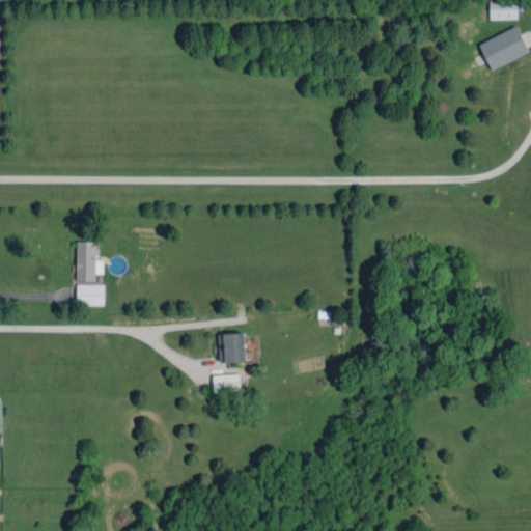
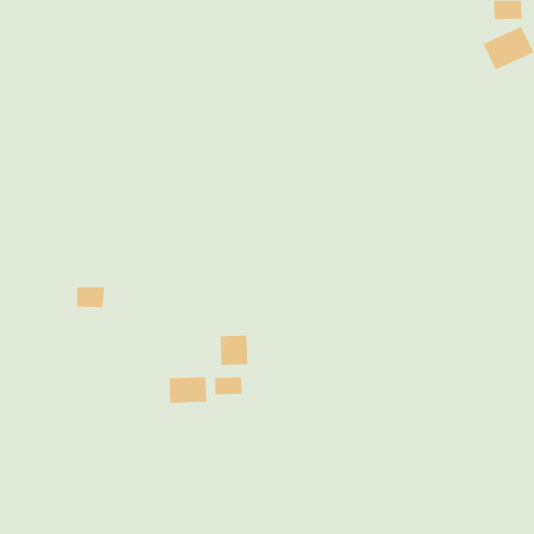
building: [77,242,104,282] -> none
building: none -> [169,377,207,404]

